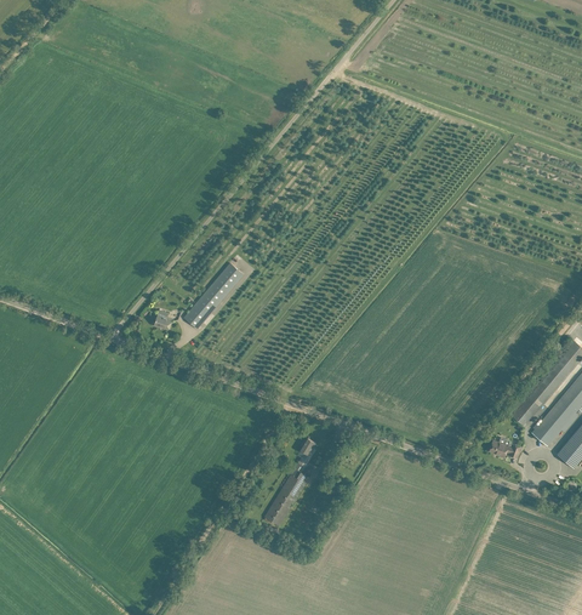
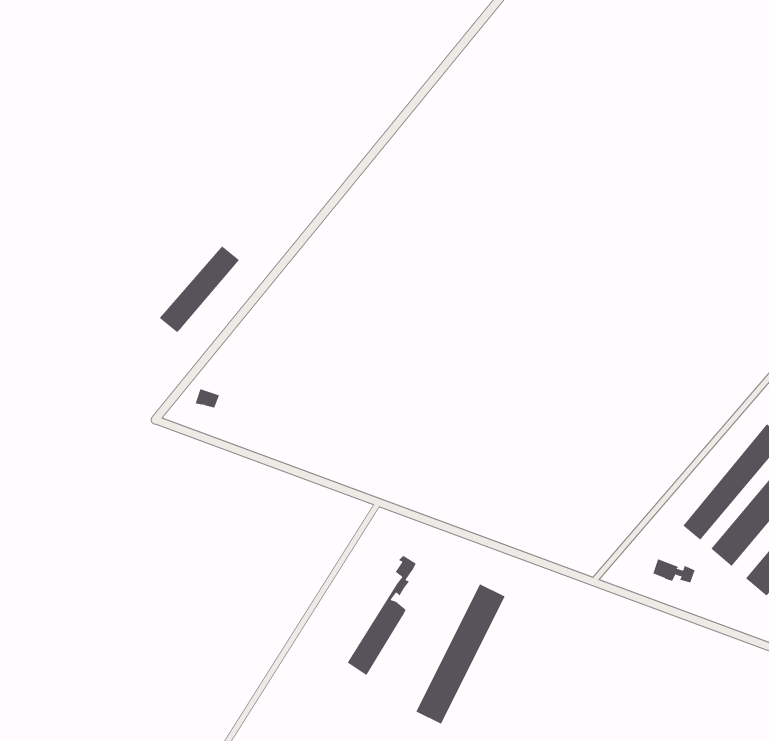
building: [183,263,242,328] -> [159,245,240,333]
building: none -> [416,583,506,724]

